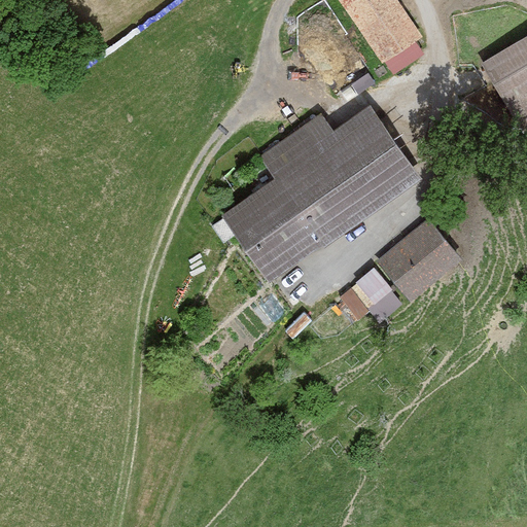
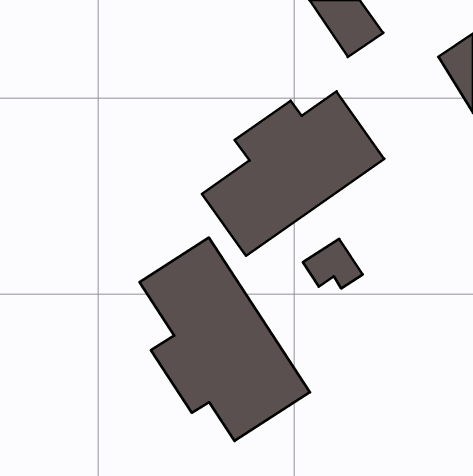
building: [378,217,464,302] -> none
building: none -> [140,238,310,441]

